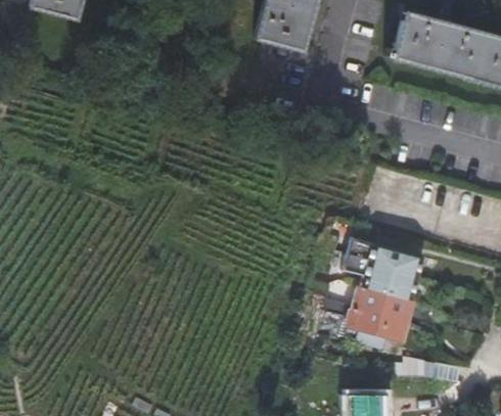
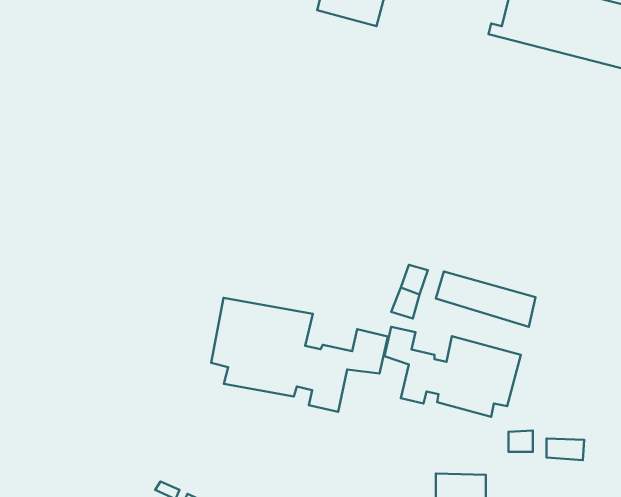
building: none -> [211,298,388,412]
building: [345,258,418,301] -> none

